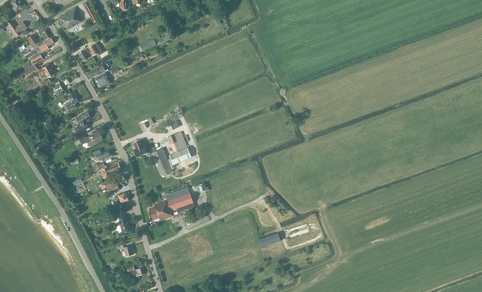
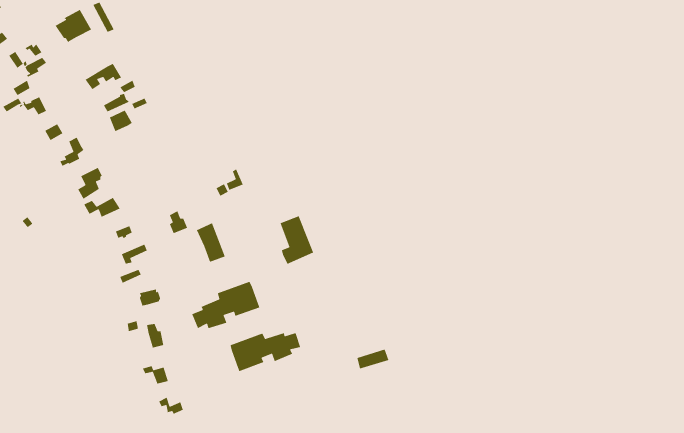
building: [168,131,191,164] -> [279,215,314,265]
building: none -> [230,332,301,372]

